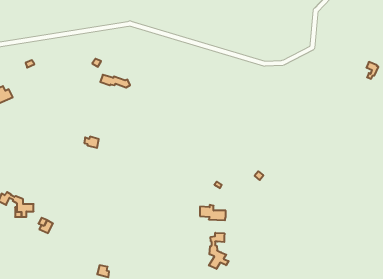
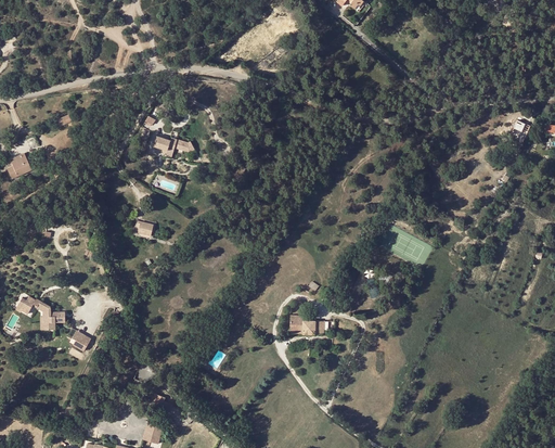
building: [209,233,229,269] -> none

